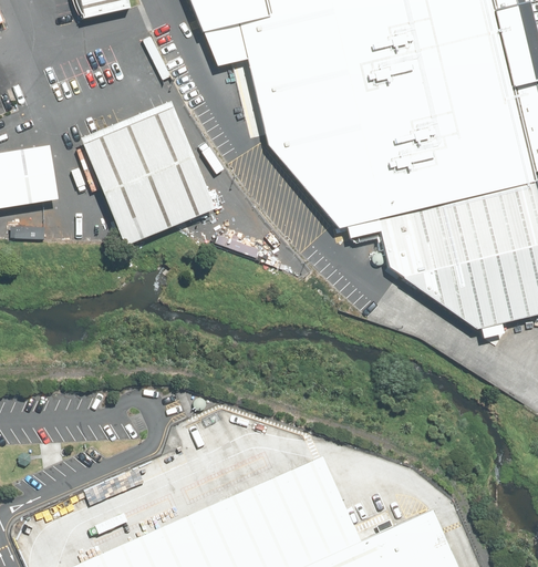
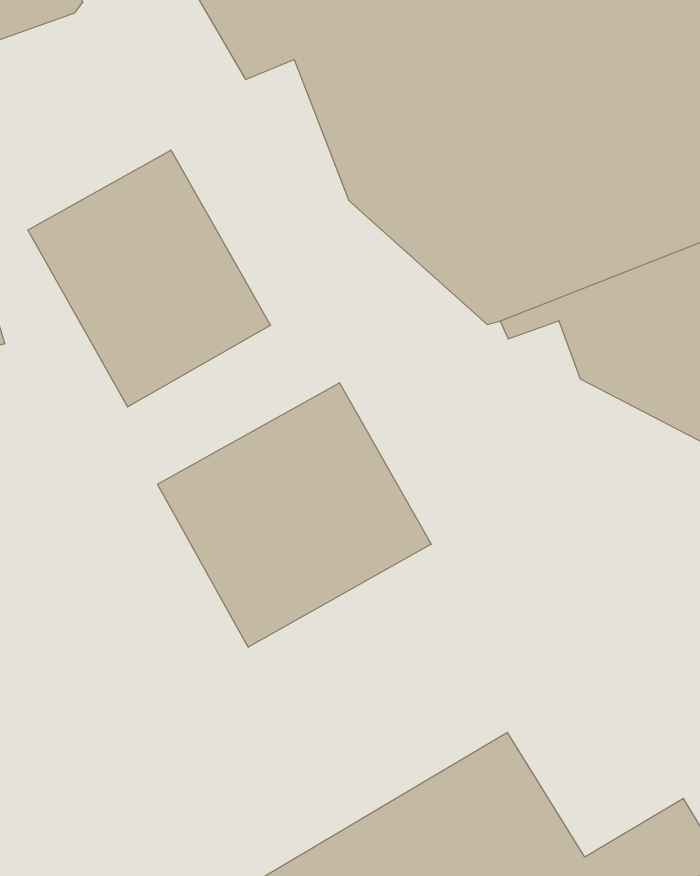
building: none -> [158,383,431,647]

